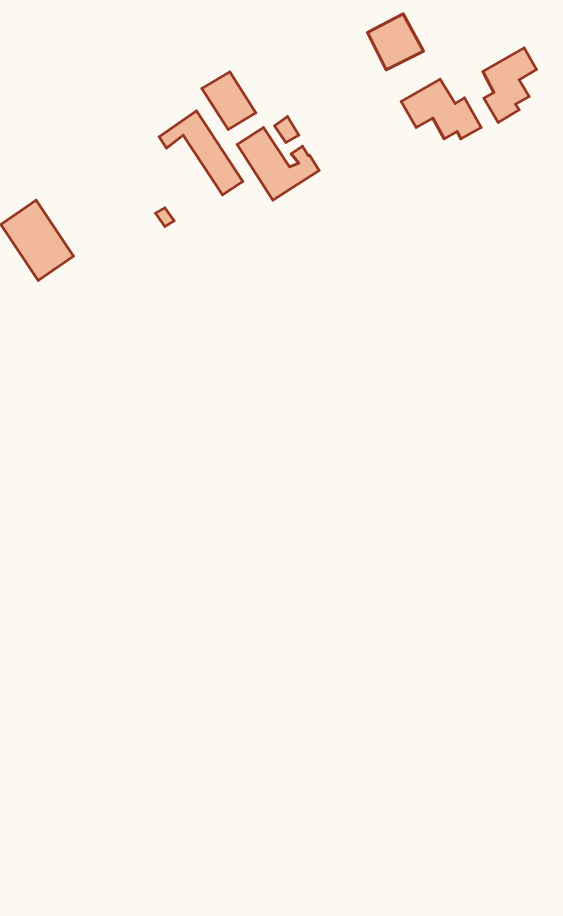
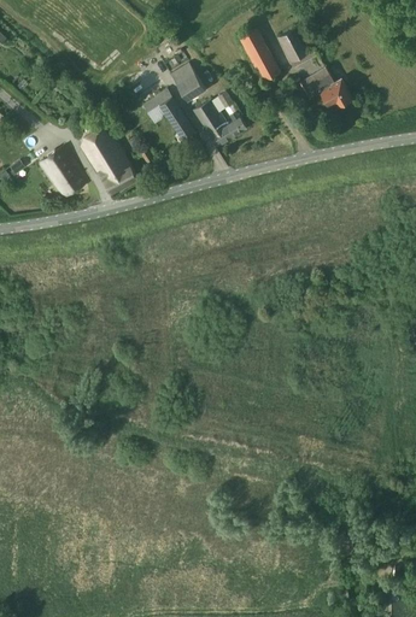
building: none -> [238,27,280,81]
building: [483,48,537,123] -> none
building: none -> [81,130,137,195]

